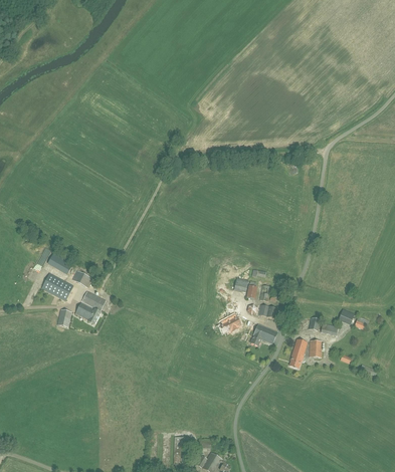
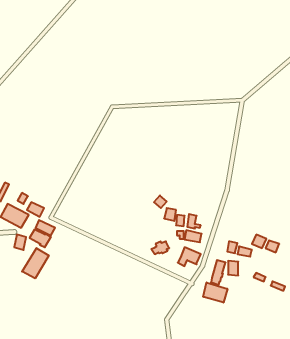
building: none -> [22,248,49,278]
building: none -> [203,282,227,303]

